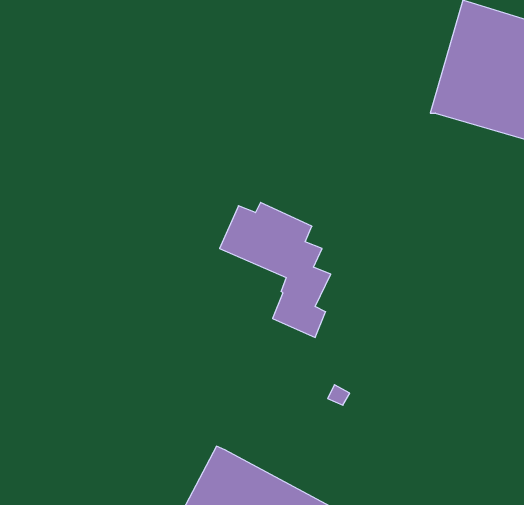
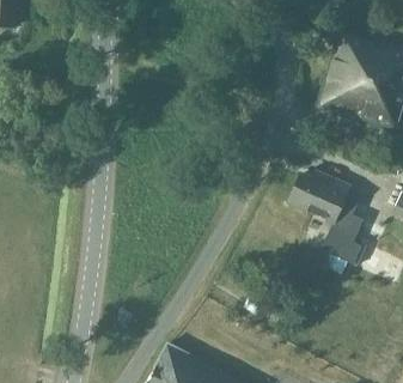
building: [220,202,331,337] -> [286,171,364,266]

